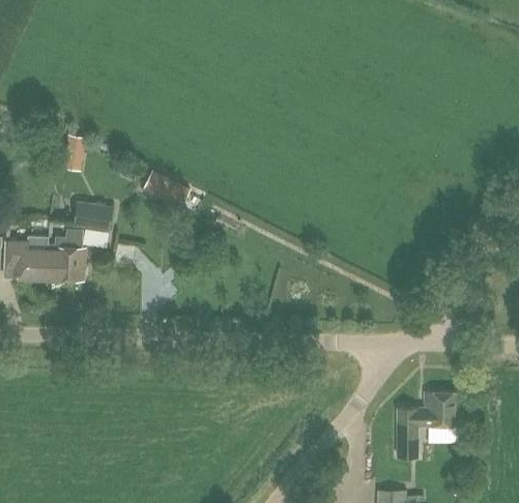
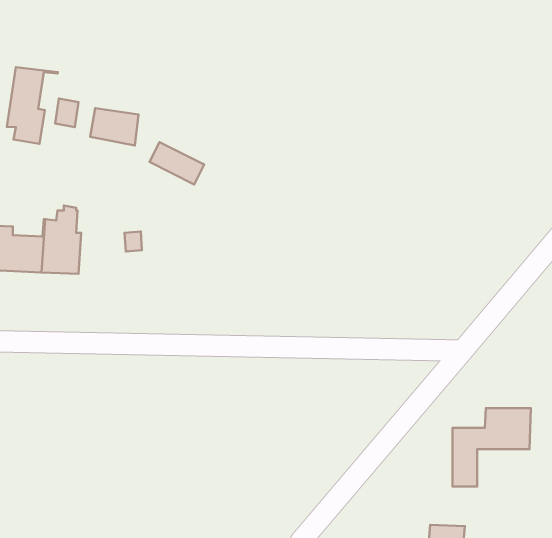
building: none -> [7,67,58,144]
building: [71,201,112,232] -> [90,108,139,146]

